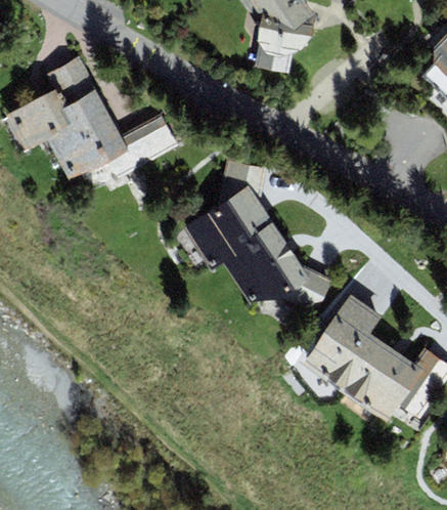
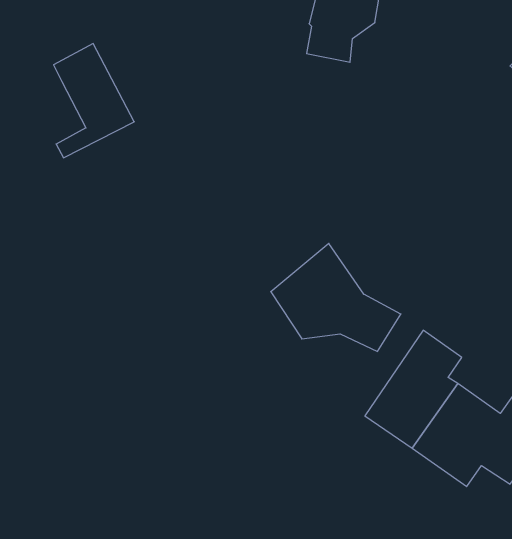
building: [7,88,73,150] -> none
building: [54,113,178,179] -> none
building: [183,159,273,268] -> none

